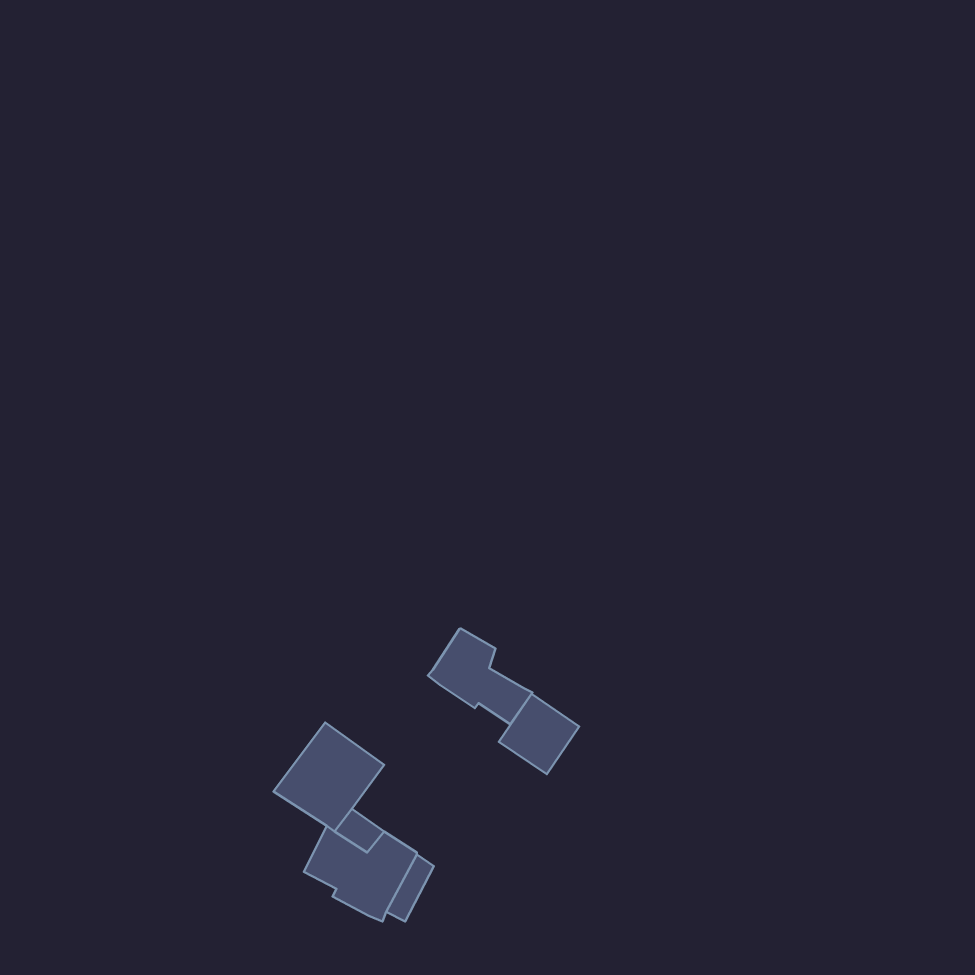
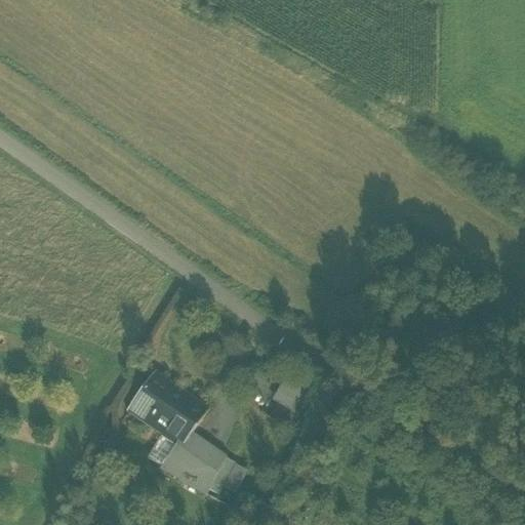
building: [428,628,532,724] -> none
building: none -> [126,373,174,425]

